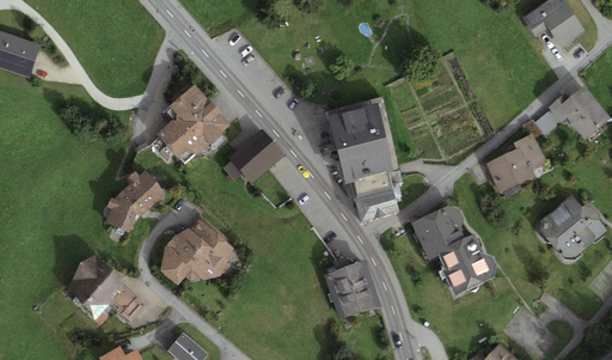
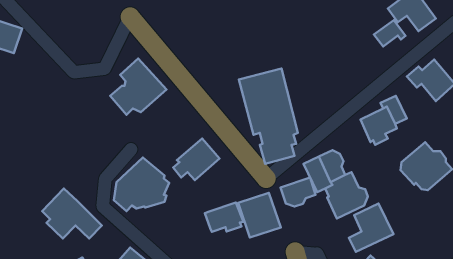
building: none -> [374,20,406,47]
building: [222,129,283,184] -> [173,138,219,180]
building: [105,170,165,232] -> none
building: none -> [280,178,315,206]
building: none -> [205,202,244,232]
building: none -> [349,204,393,252]

